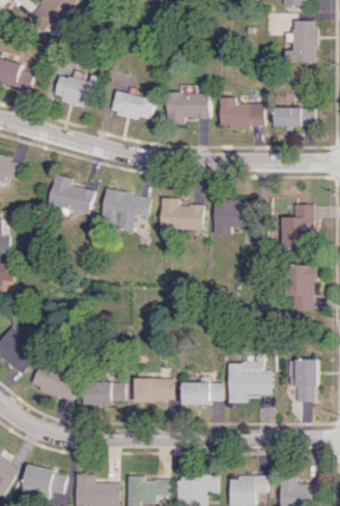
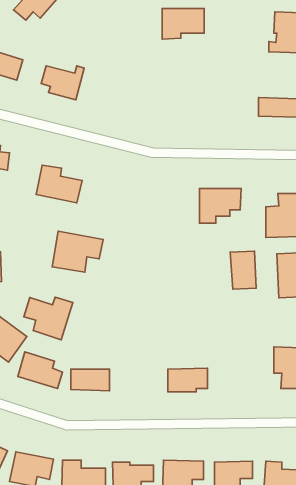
building: [110,90,153,120] -> none
building: [166,93,208,124] -> [162,9,204,39]
building: [219,97,263,128] -> none
building: [100,188,151,230] -> [52,231,103,272]
building: [160,198,203,234] -> none
building: none -> [230,251,256,289]
building: none -> [24,297,73,340]
building: [227,362,273,403] -> none
building: [132,378,172,403] -> none

